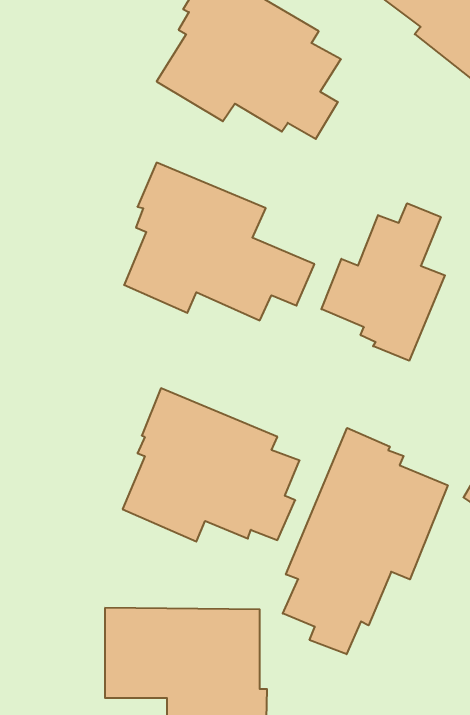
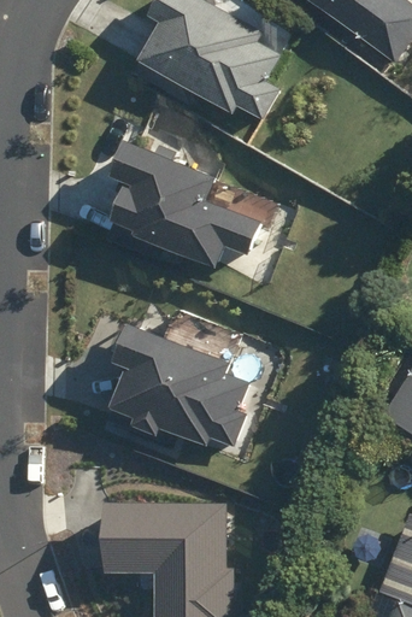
building: [321,203,445,361] -> none
building: [283,428,448,654] -> none

